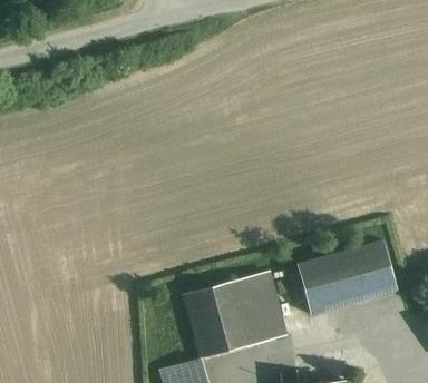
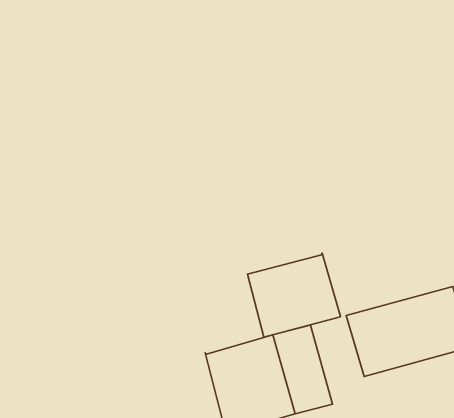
building: none -> [247,253,340,337]

